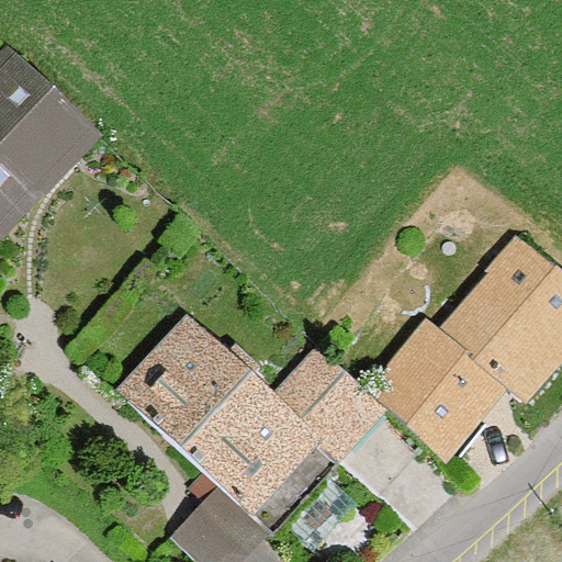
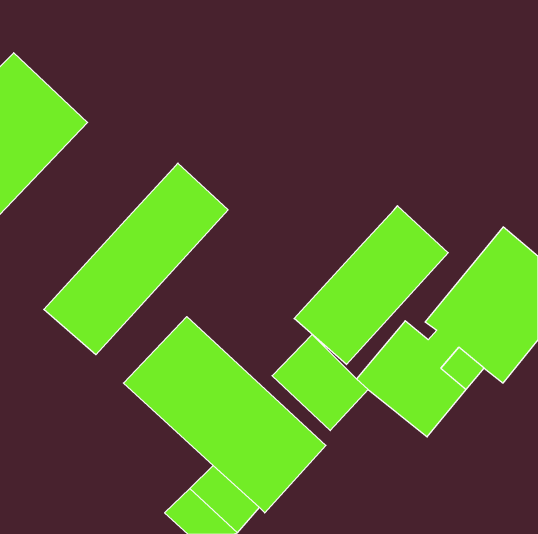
building: none -> [44,163,228,355]
building: none -> [294,206,448,365]

